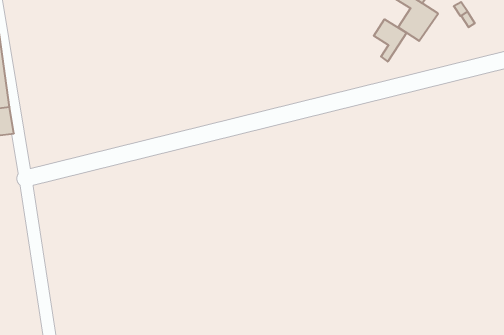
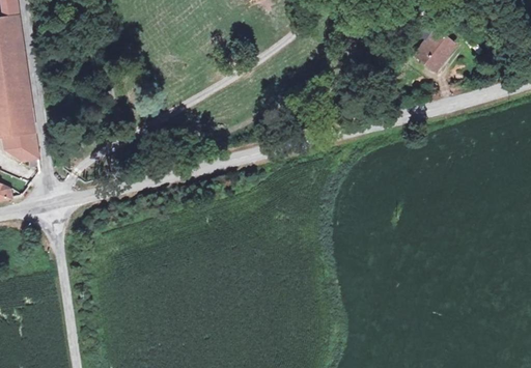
building: [374,19,406,62] -> none

